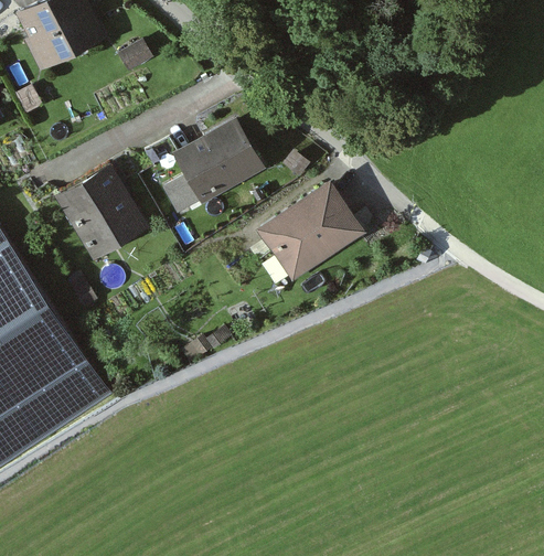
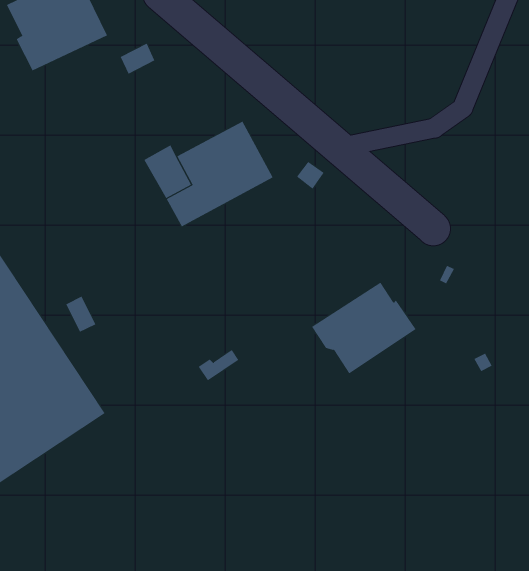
building: [55,164,149,261] -> none
building: [258,191,356,277] -> [311,282,416,374]

